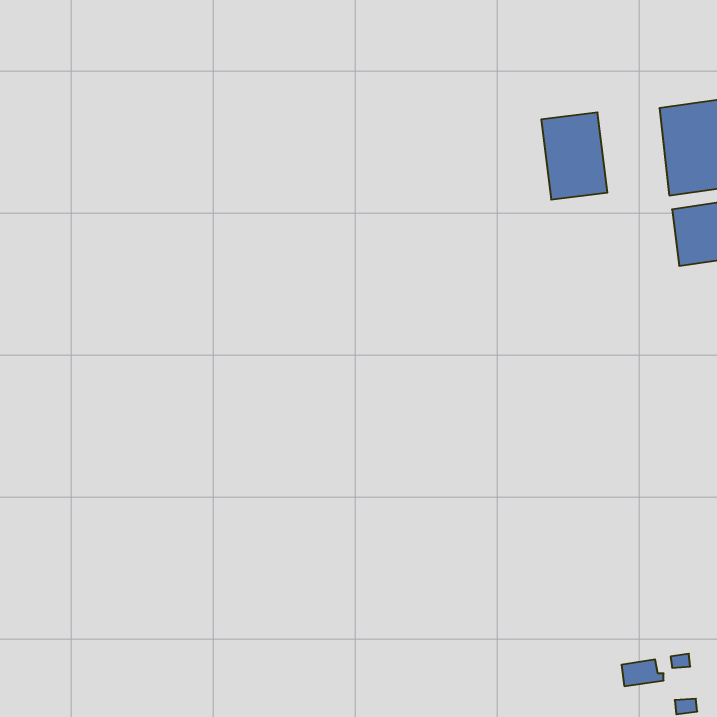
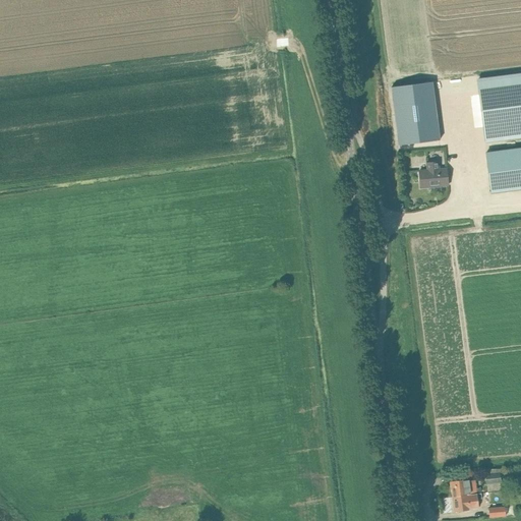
building: none -> [420,161,449,187]
building: none -> [453,493,482,511]

